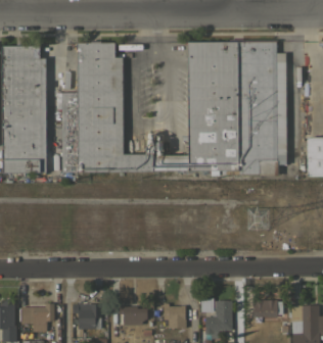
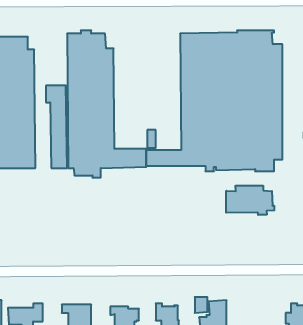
building: none -> [226,186,274,215]
building: [253,299,284,316] -> none

